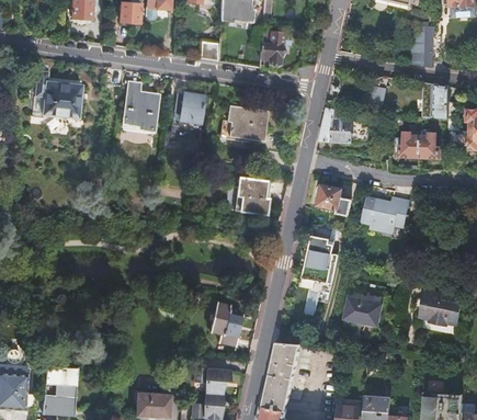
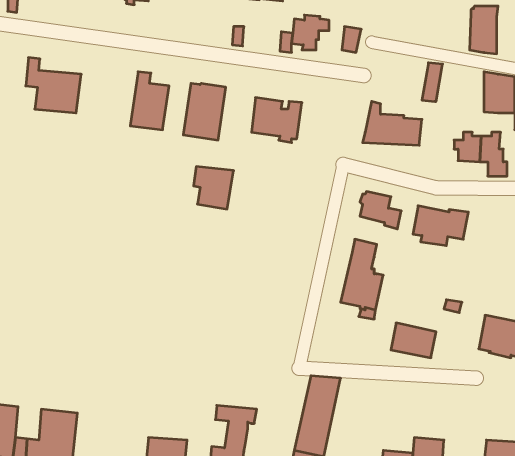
building: [238,179,272,215] -> [194,167,234,209]
building: [212,303,243,347] -> none

